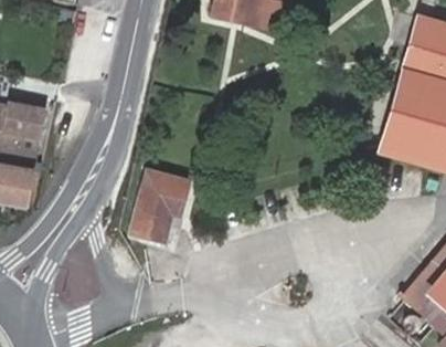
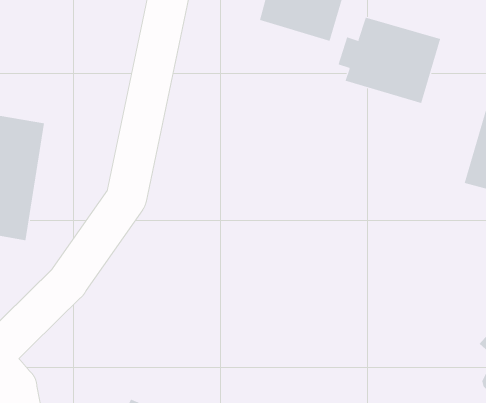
building: none -> [338,17,441,104]
building: [130,174,193,243] -> none

